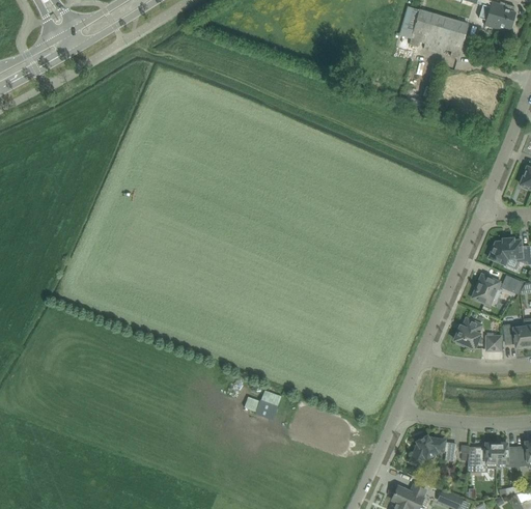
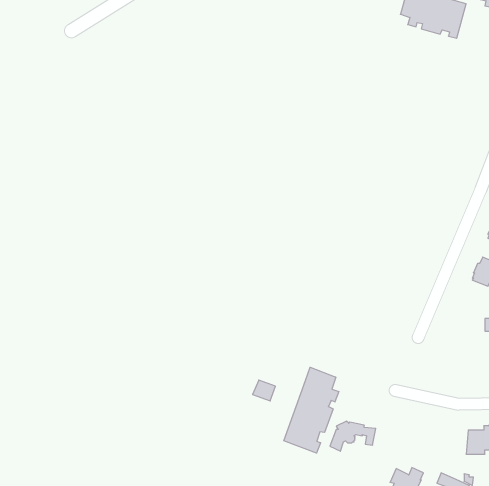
building: [454,317,481,347] -> none
building: none -> [284,367,339,453]
building: [411,435,456,465] -> [330,421,376,451]

